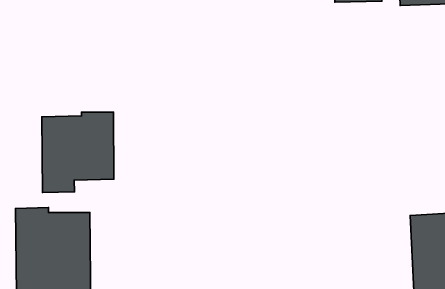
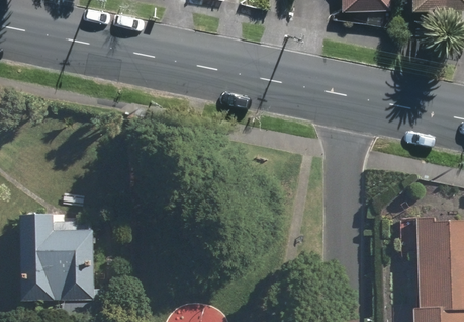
building: [42,112,114,193] -> none

